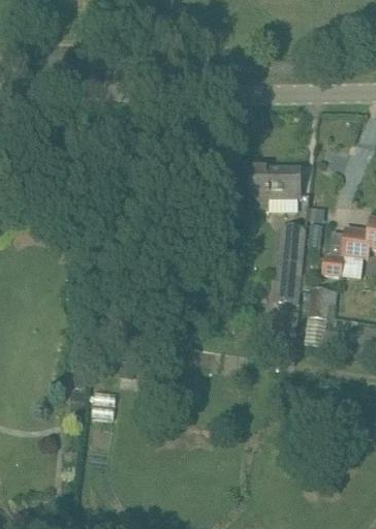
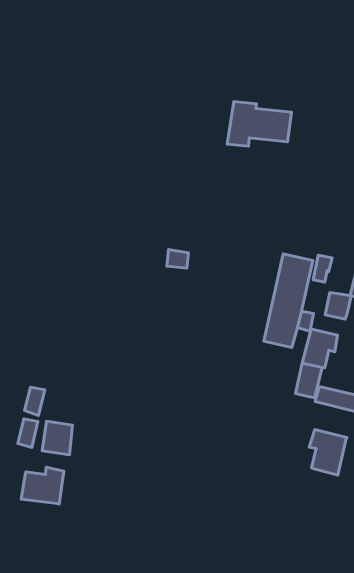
building: [248,164,301,201] -> [227,101,292,146]
building: none -> [309,430,347,475]
building: none -> [21,467,64,504]

